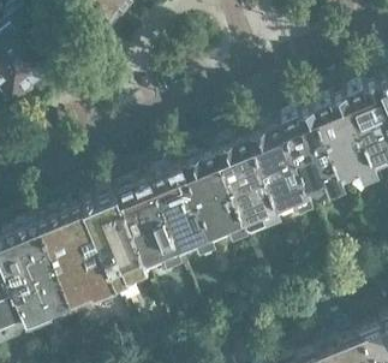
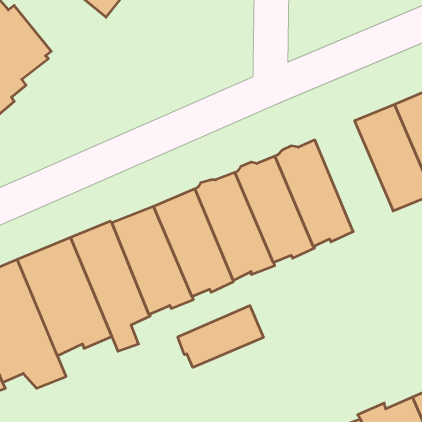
building: [281,111,345,198] -> none
building: none -> [178,306,263,367]

